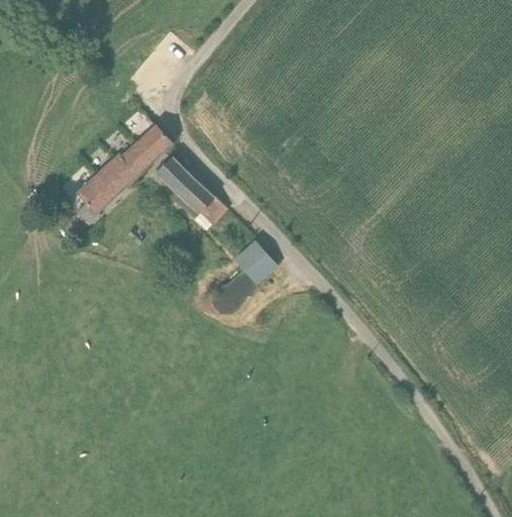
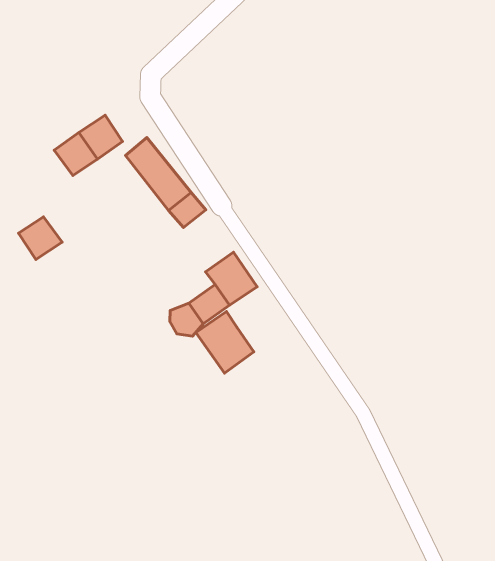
building: [134,124,172,162] -> none
building: [79,177,115,212] -> [19,217,62,260]
building: none -> [196,312,254,373]

